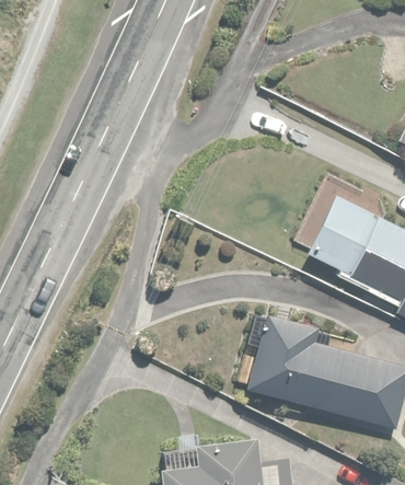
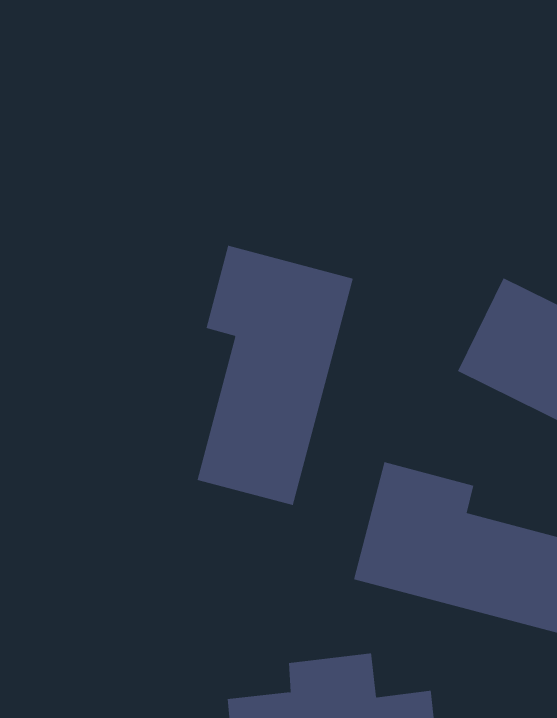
building: none -> [197,245,353,506]

